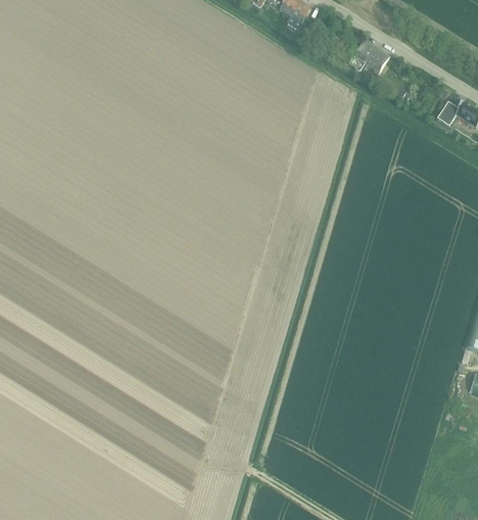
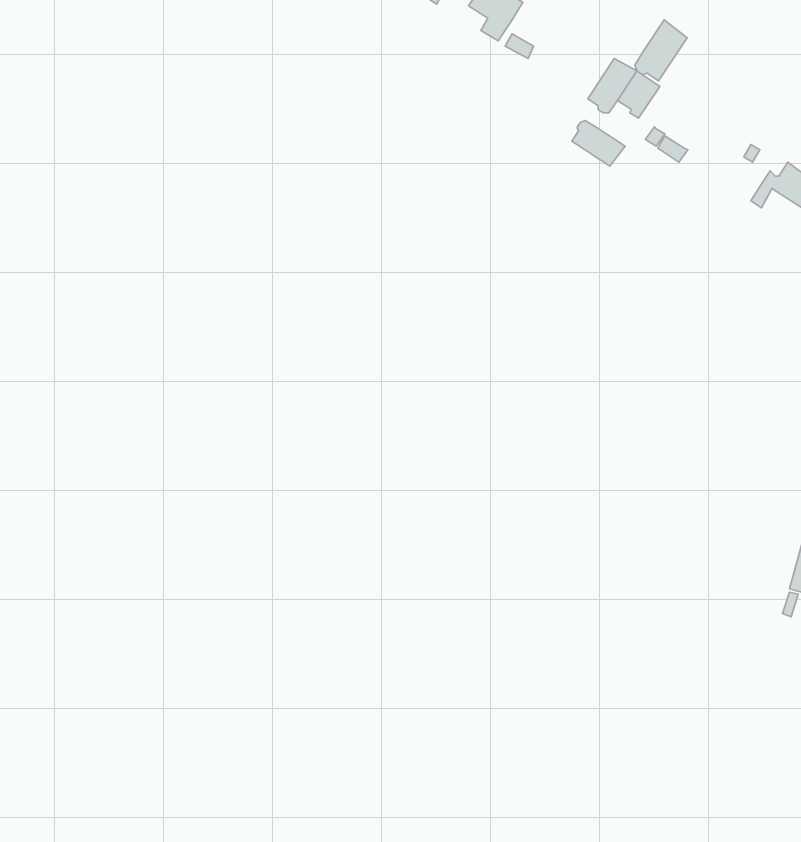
building: none -> [635,20,687,81]
building: none -> [572,121,625,166]

